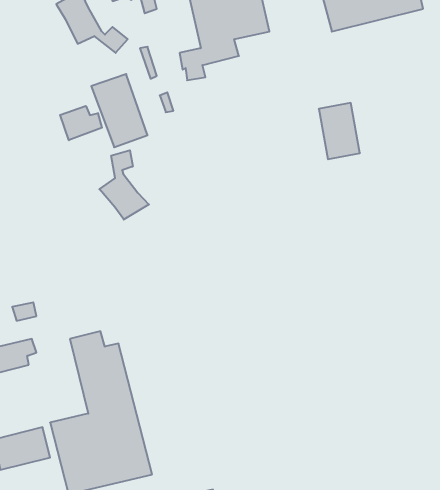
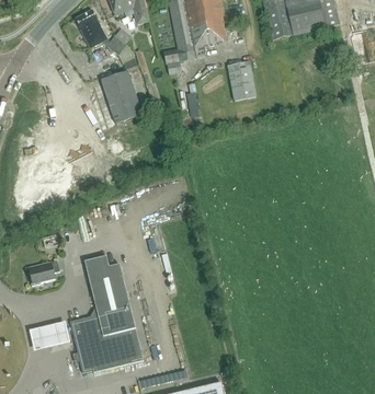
building: [319,103,360,159] -> [226,60,255,101]
building: [60,106,102,140] -> none
building: [99,150,149,220] -> none

